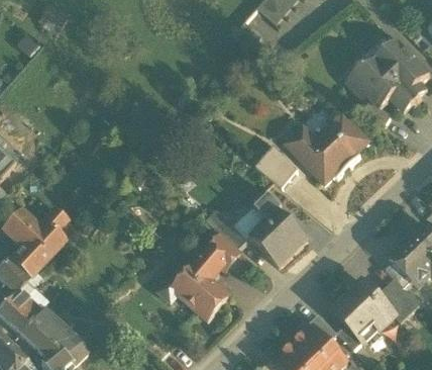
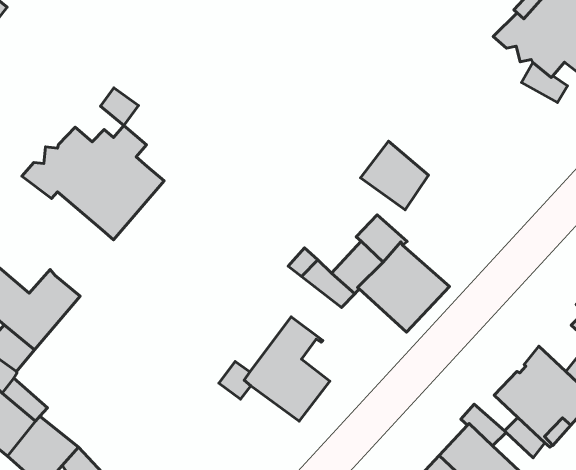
building: [287,113,366,180] -> none
building: none -> [22,125,164,240]
building: [205,234,239,268] -> none

